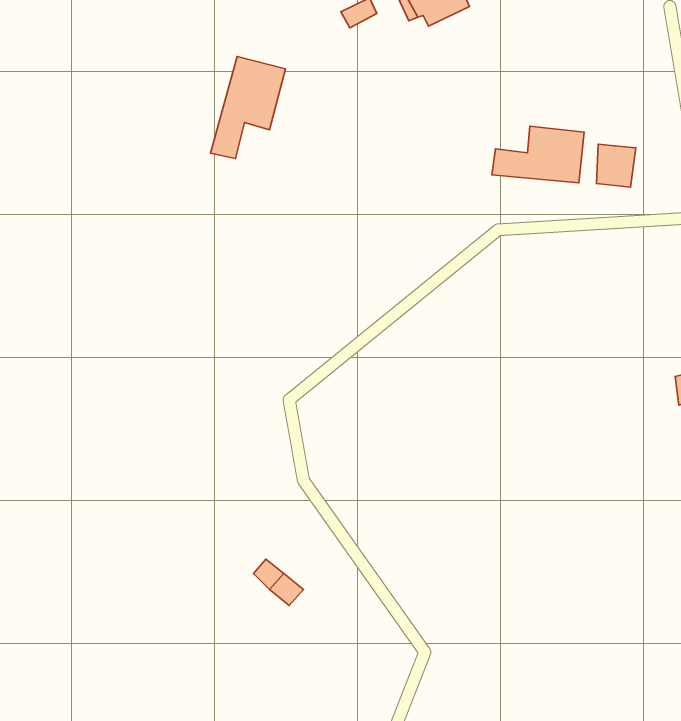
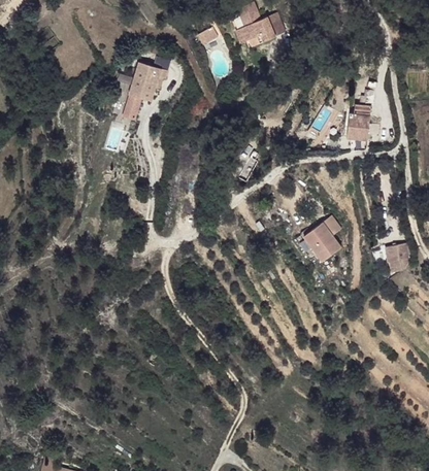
building: [492,126,584,183] -> none
building: none -> [306,214,344,261]

